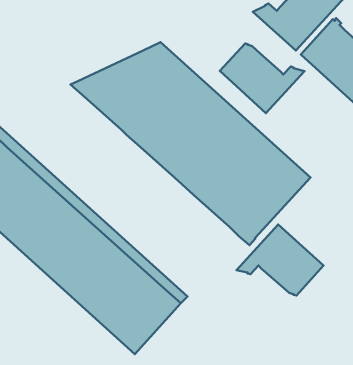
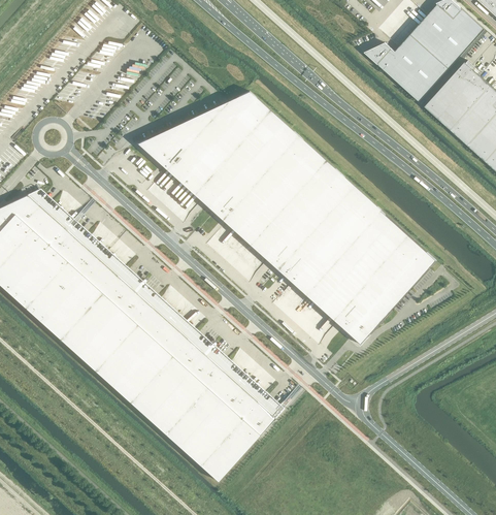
building: [220,43,305,113] -> none
building: [236,224,324,296] -> none

